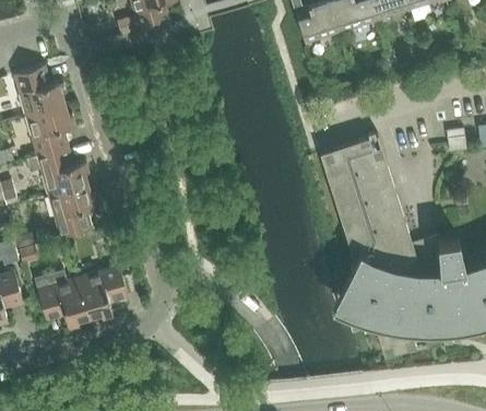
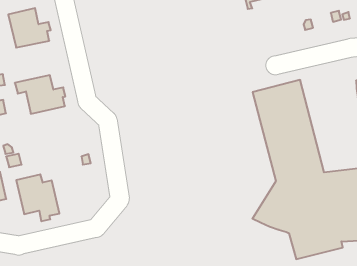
building: [24,104,75,155] -> none
building: [47,184,98,236] -> none
building: [78,266,128,318] -> none

